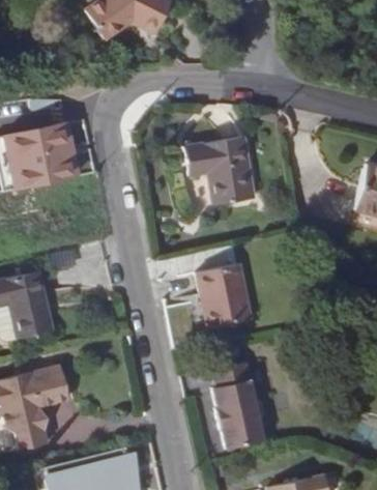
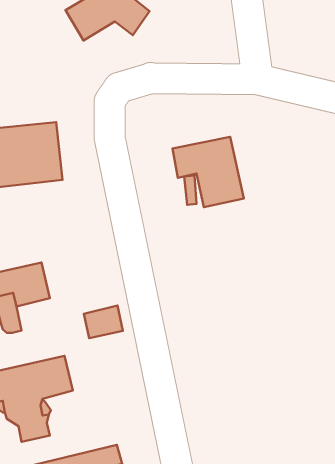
building: [197,263,252,328] -> none
building: [25,300,63,333] -> [84,306,123,338]
building: [216,362,270,448] -> none

